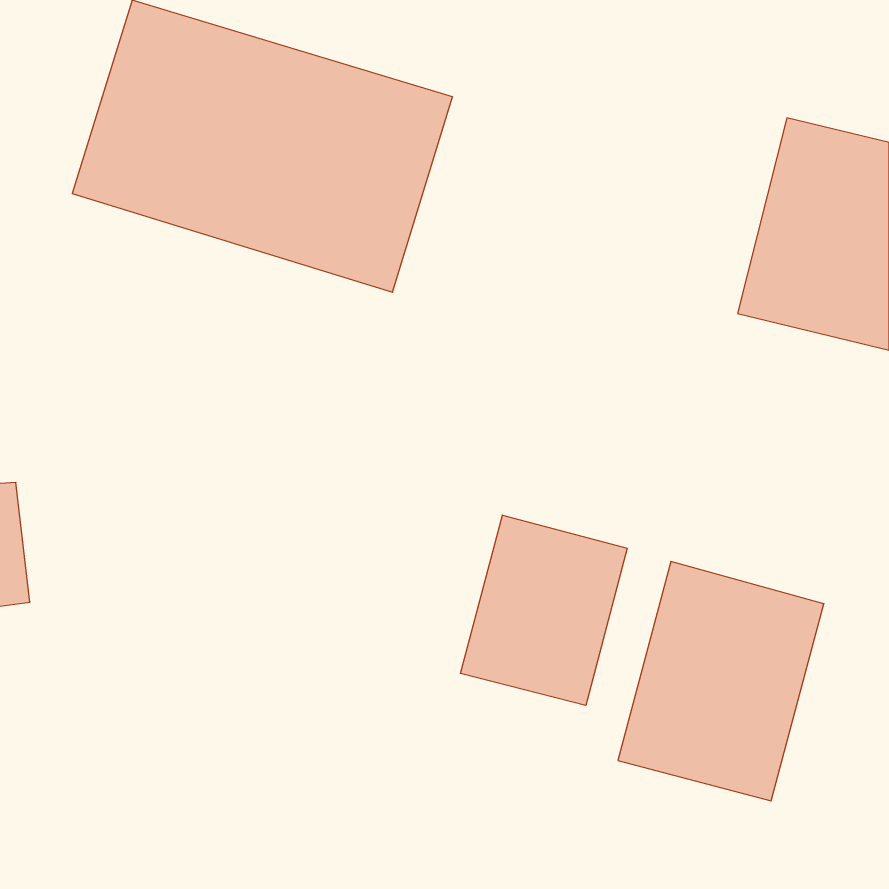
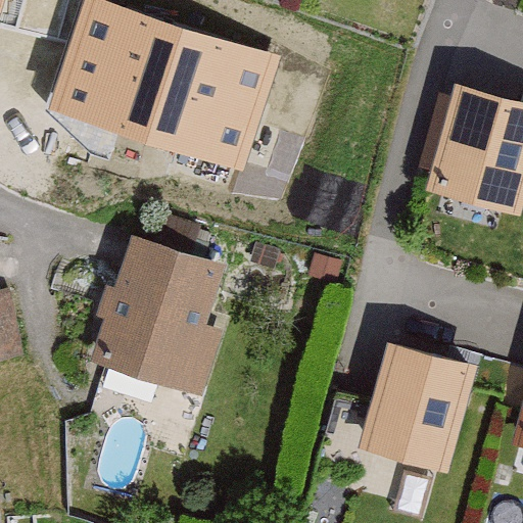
building: none -> [100,236,237,393]
building: [460,515,627,705] -> none

